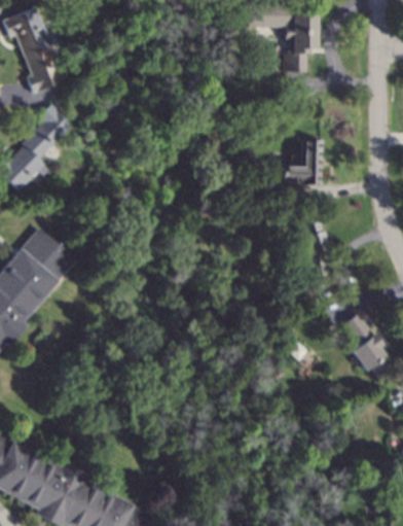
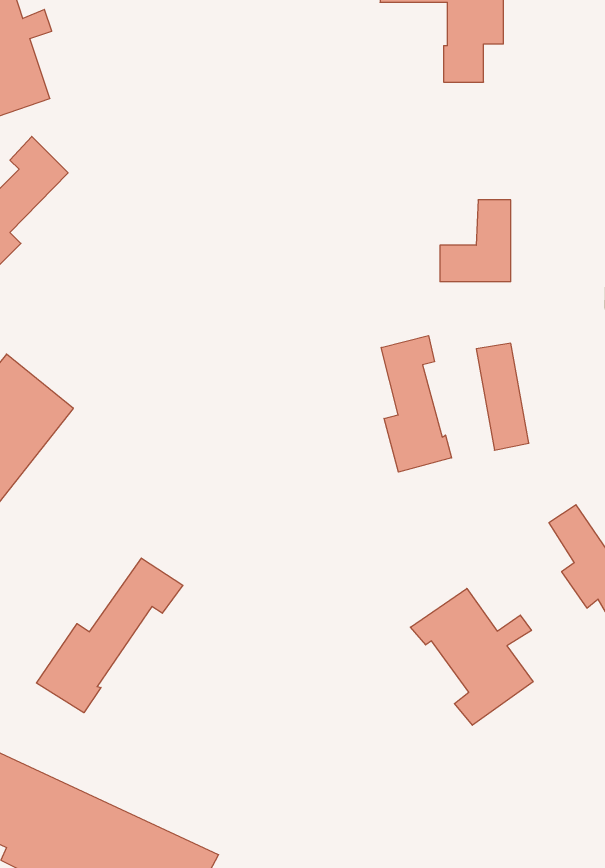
building: none -> [381,336,452,472]
building: none -> [36,558,183,713]
building: none -> [410,588,533,725]

